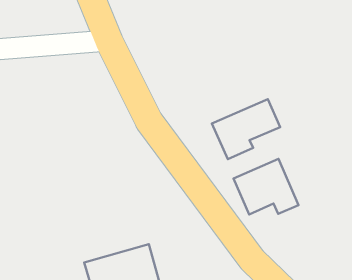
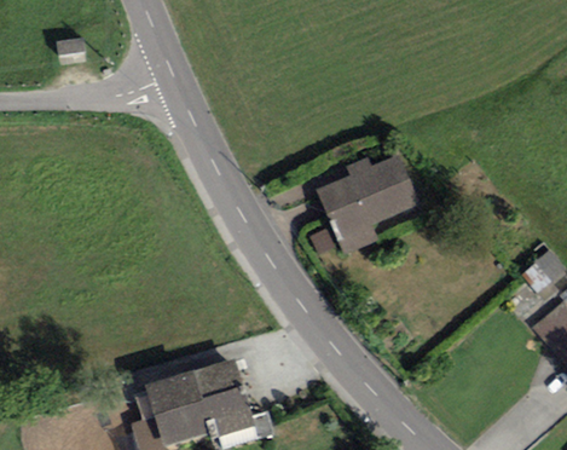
building: [234,159,299,214] -> none

